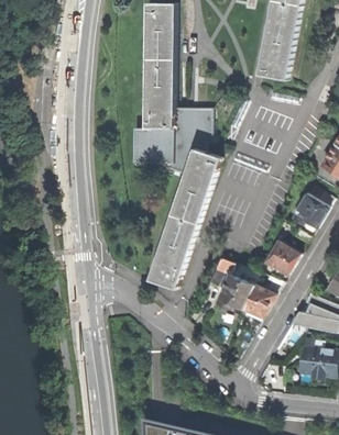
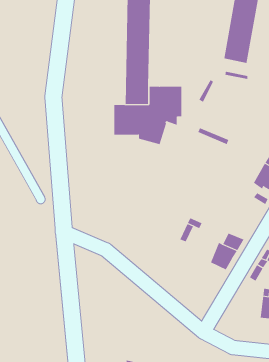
building: [150,147,221,289] -> none
building: [265,241,300,276] -> none
building: [217,275,253,313] -> none

